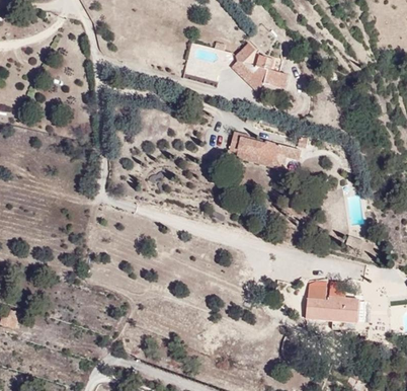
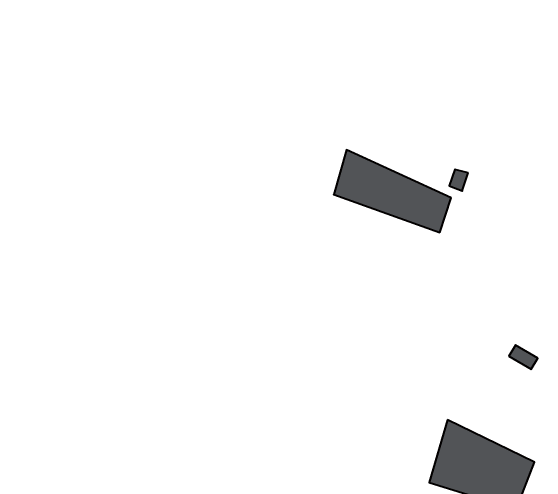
building: [230,41,288,92] -> none

